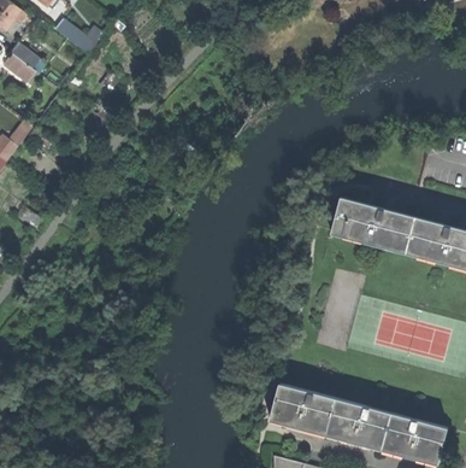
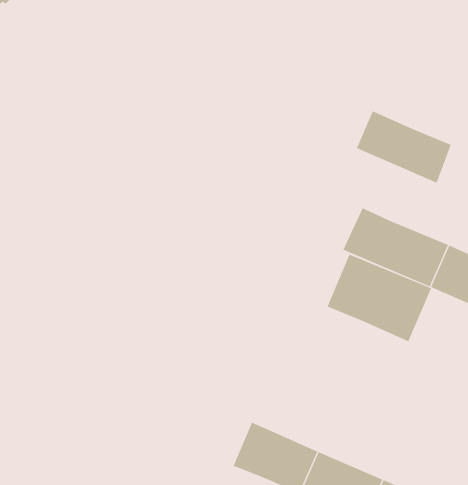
building: none -> [356,111,452,184]
building: none -> [327,254,432,342]

